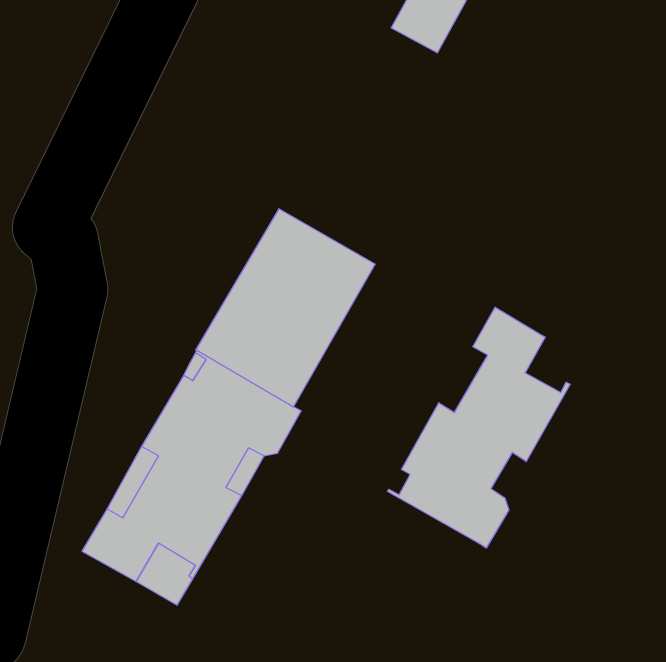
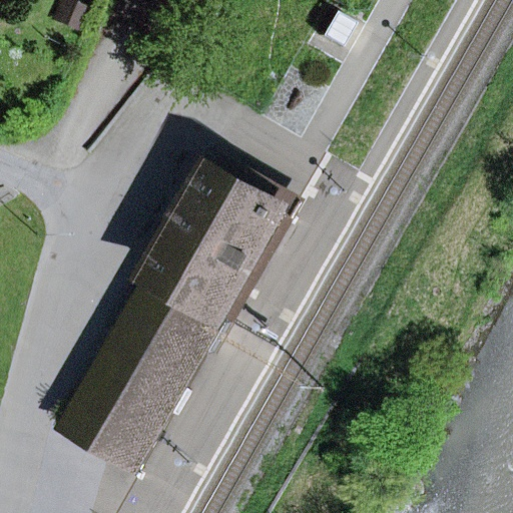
building: [387,307,570,548] -> none

